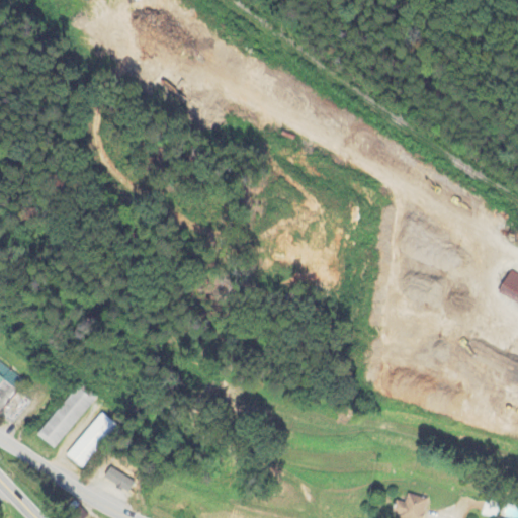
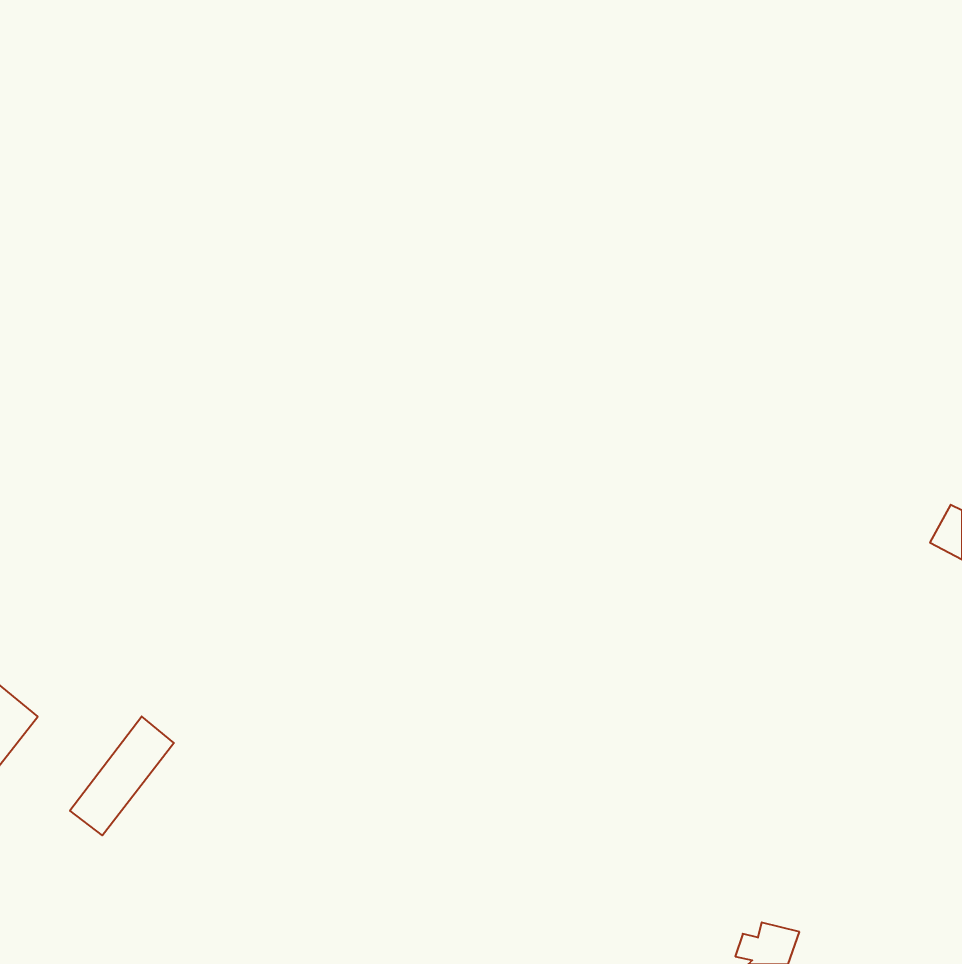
building: [65,412,115,468] -> none
building: [102,467,133,494] -> none

